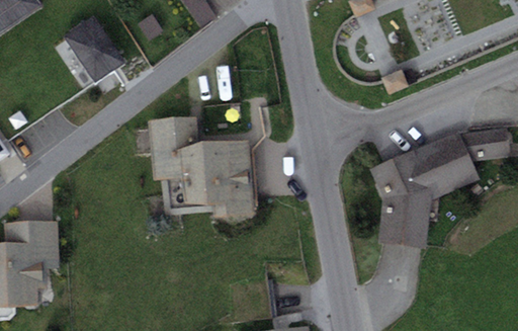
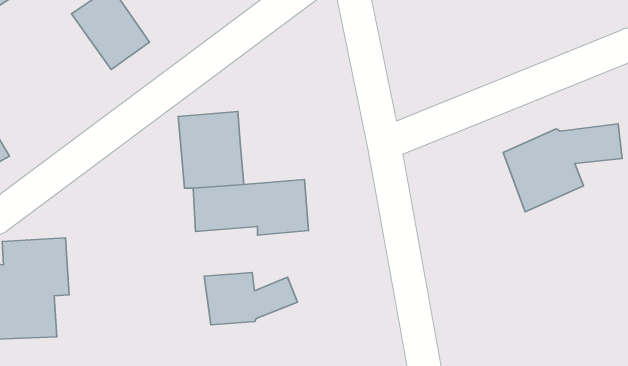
building: [198,140,251,178] -> none
building: [370,152,431,245] -> none
building: none -> [204,273,298,325]

